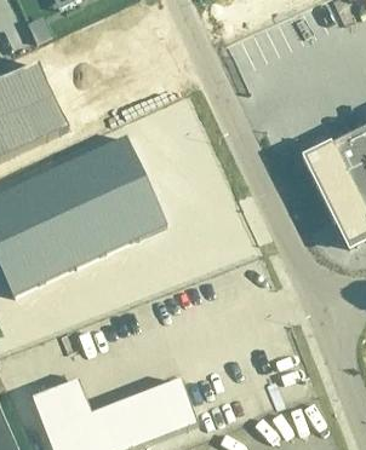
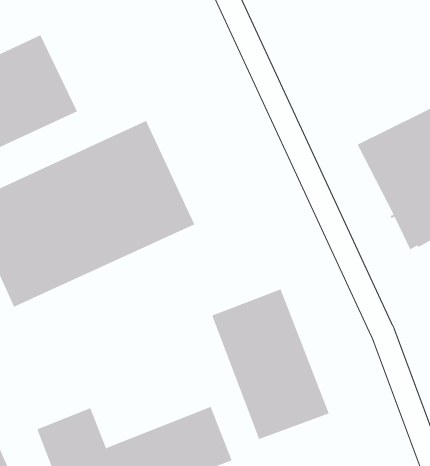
building: none -> [211,288,329,440]

